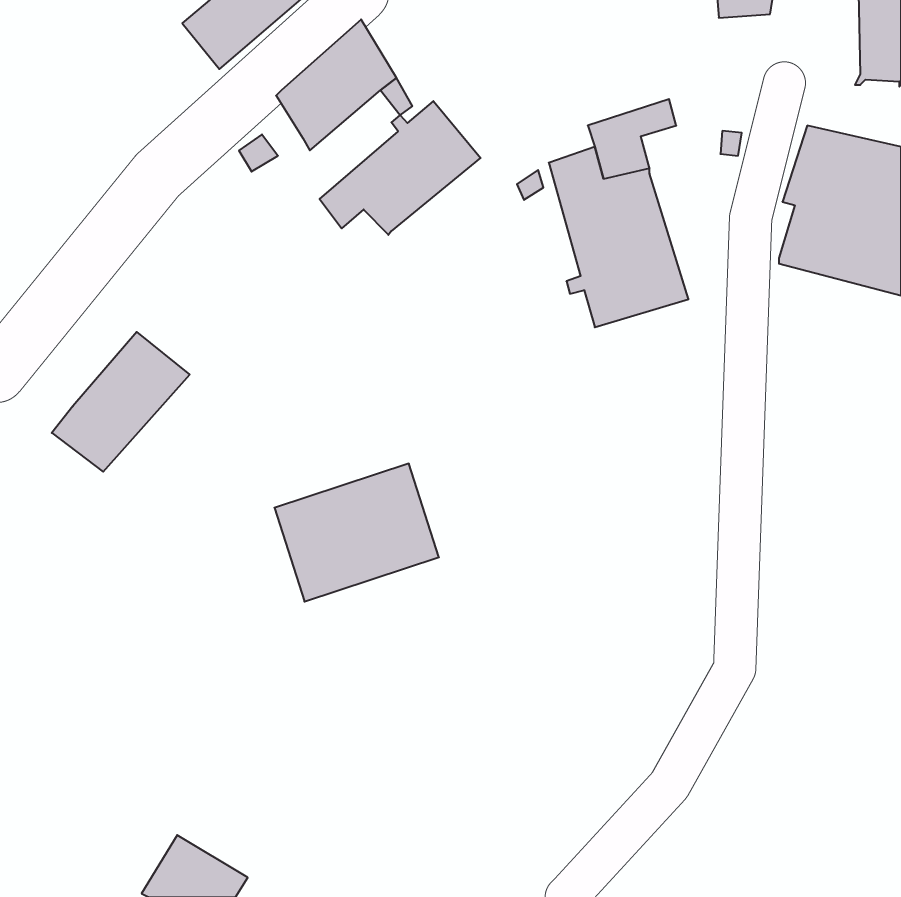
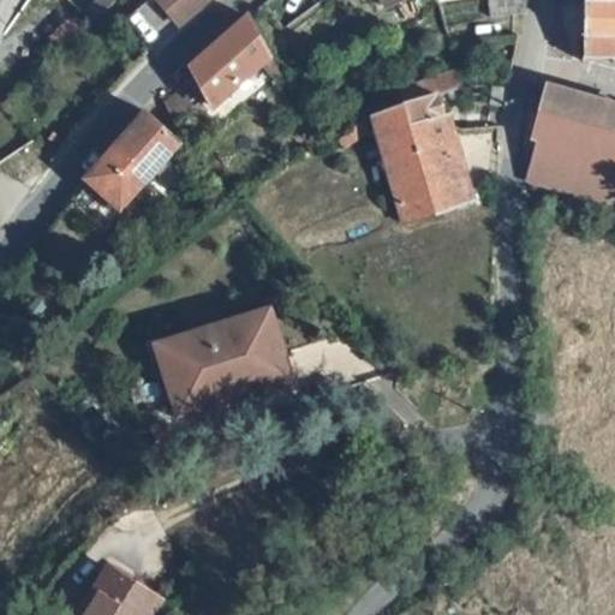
building: [320,101,481,235] -> none
building: [52,332,190,472] -> [83,111,177,205]
building: none -> [166,308,277,413]

